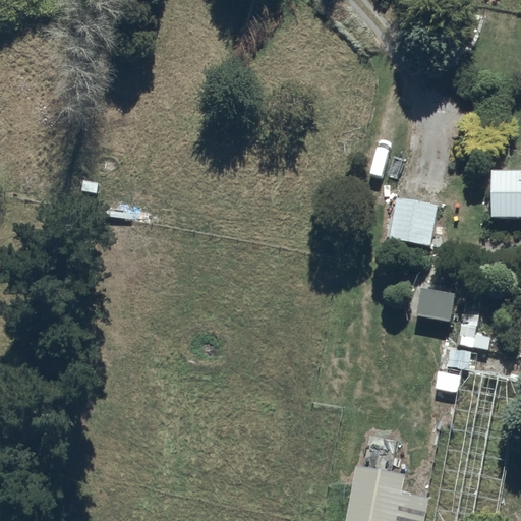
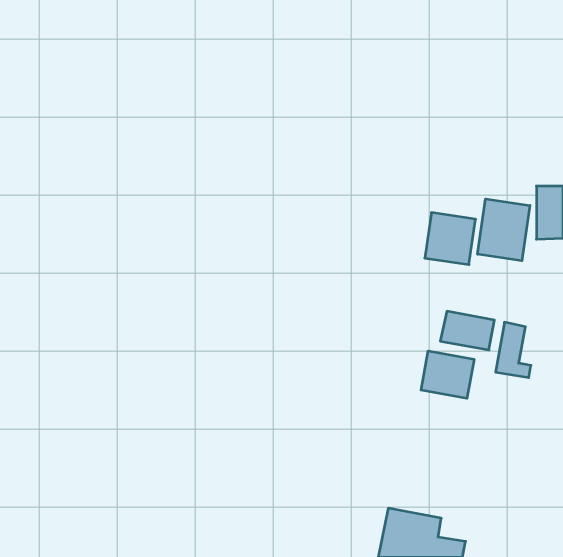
building: none -> [478,199,530,261]
building: none -> [421,351,474,398]

